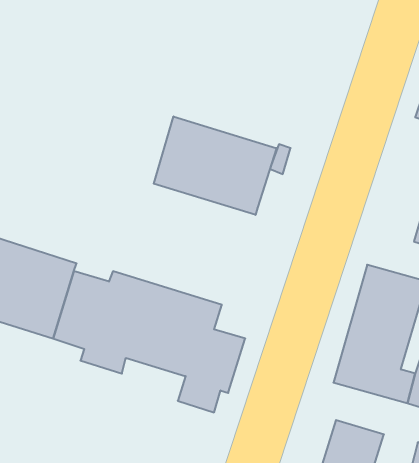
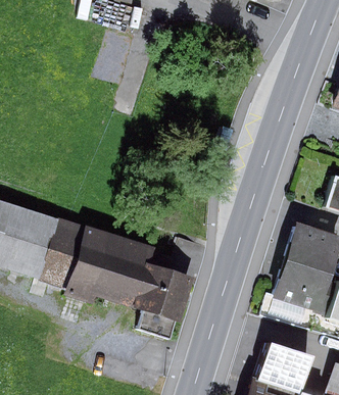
building: [154,116,276,215] -> none

